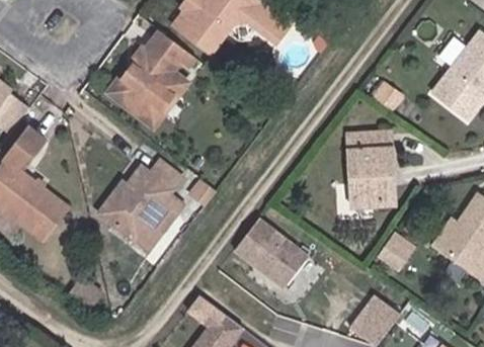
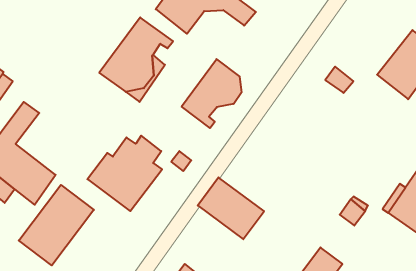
building: none -> [182,59,242,128]
building: [346,131,393,204] -> none
building: none -> [19,185,94,265]

